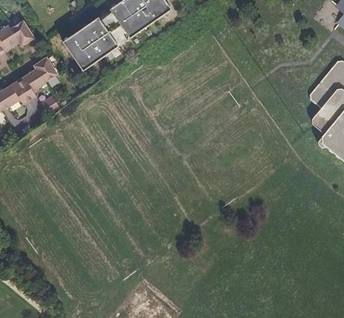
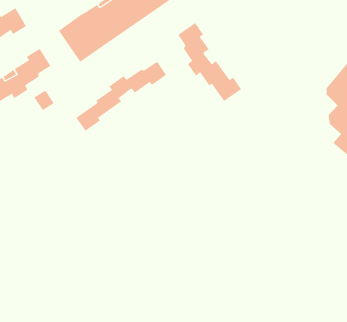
building: none -> [177,22,242,102]
building: none -> [76,61,167,132]

